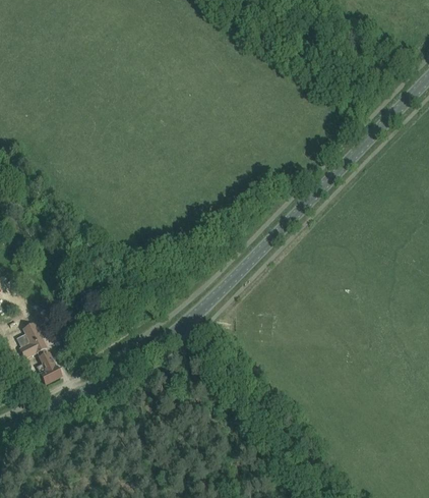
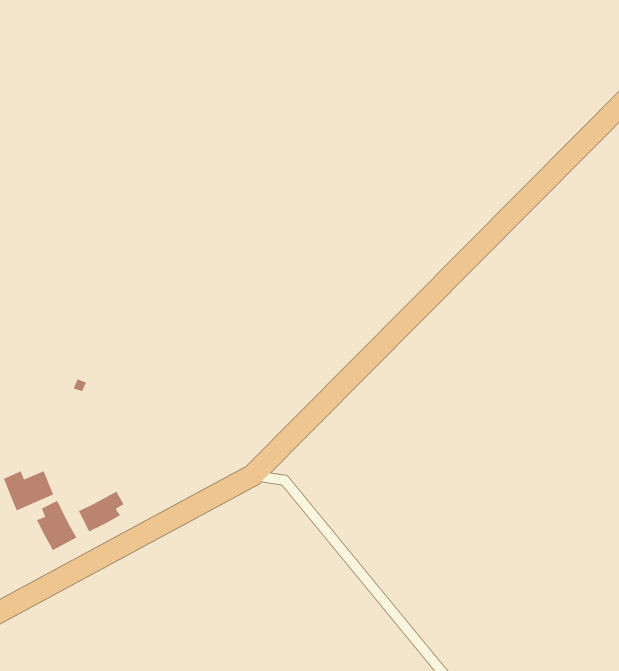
building: none -> [78,490,125,532]

